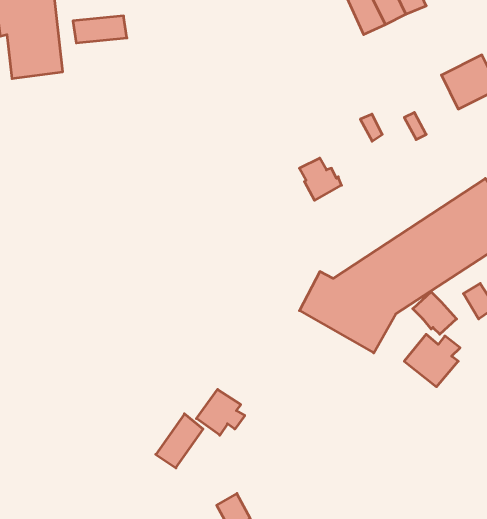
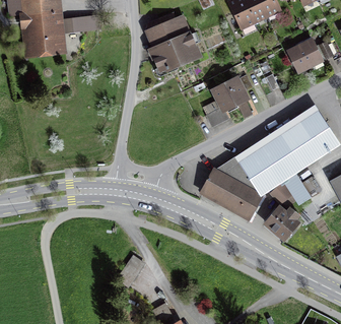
building: none -> [148,13,199,69]
building: none -> [214,78,252,117]
building: [196,389,245,435] -> none

